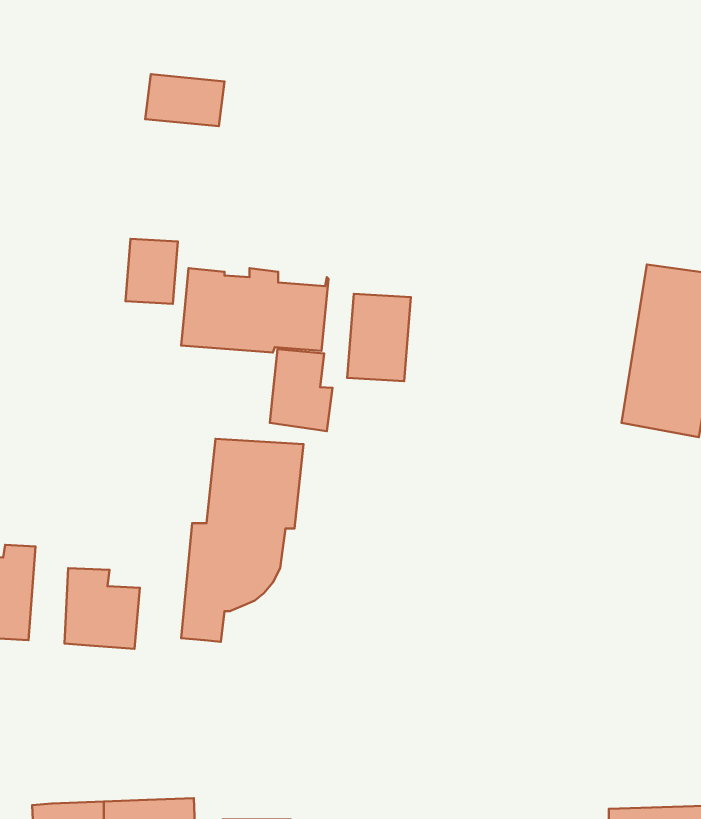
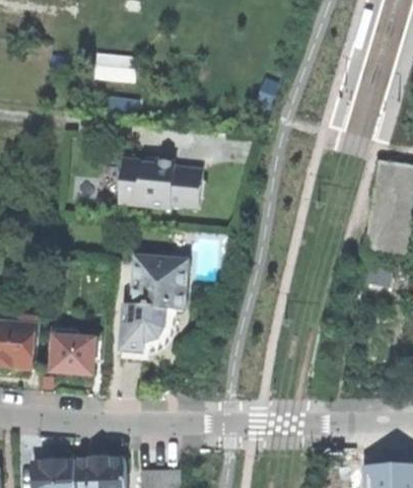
building: [126,239,178,304] -> none
building: [347,294,411,381] -> none
building: [270,349,332,431] -> none

